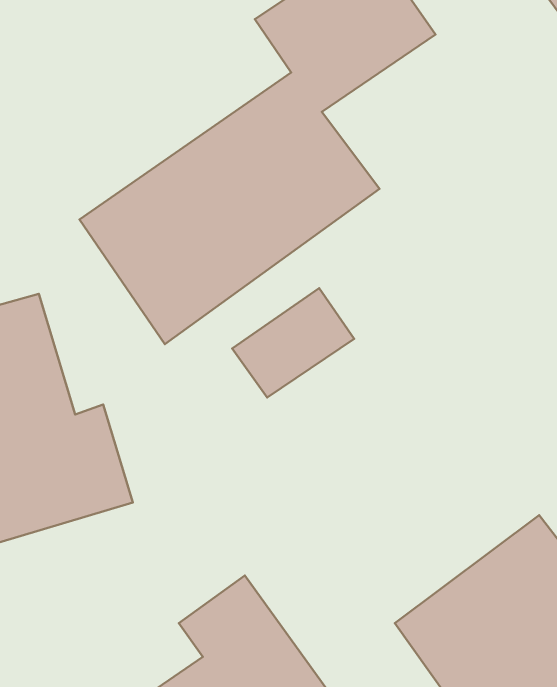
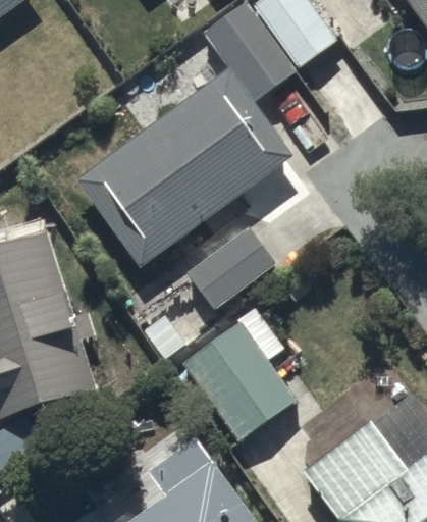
building: none -> [182,307,296,442]

